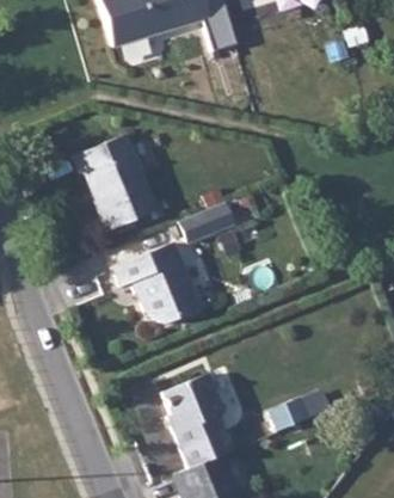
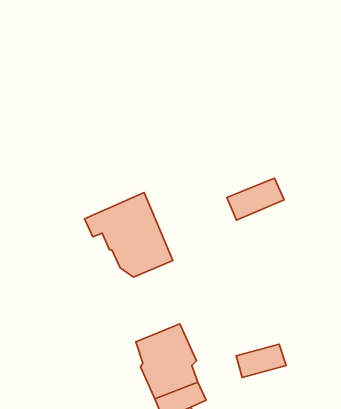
building: [74,134,160,230] -> none
building: [178,202,235,244] -> [227,178,284,220]

